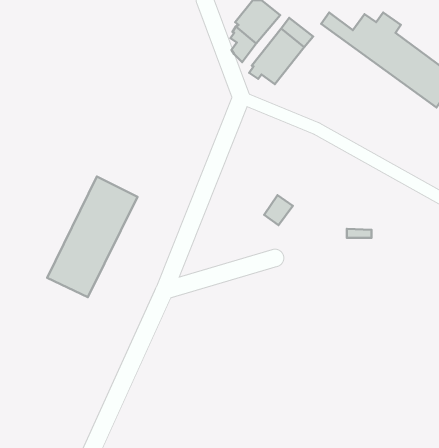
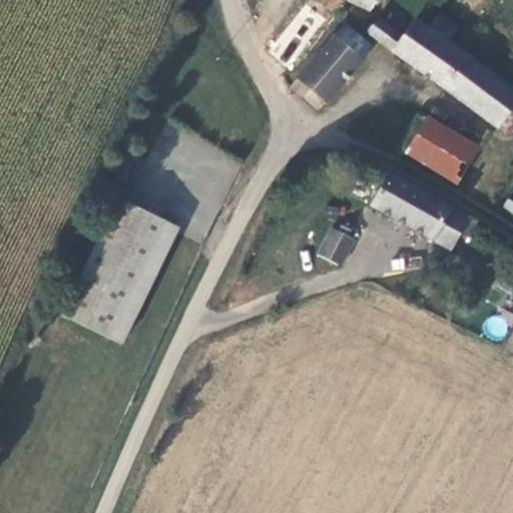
building: none -> [406,118,480,186]
building: none -> [370,174,481,253]

